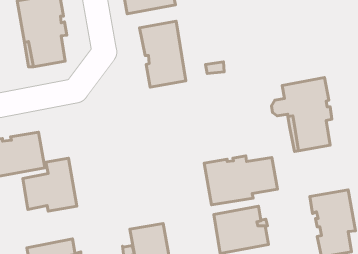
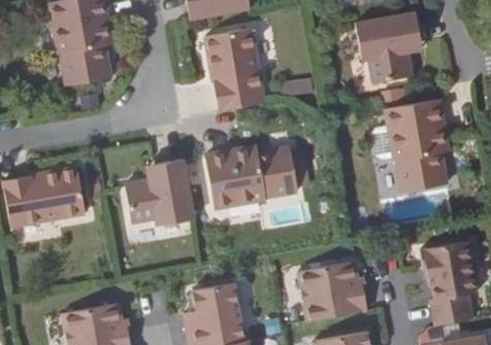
building: none -> [355,12,421,83]
building: [204,156,278,205] -> [204,146,297,208]
building: [23,158,77,211] -> [125,159,193,226]

